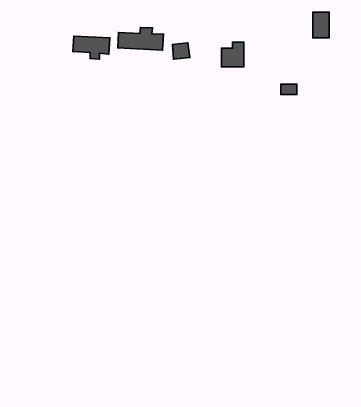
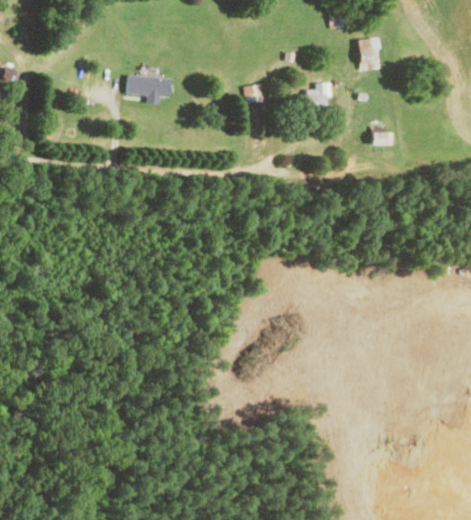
building: [313,12,329,38] -> [359,39,379,69]
building: [118,28,163,50] -> none

